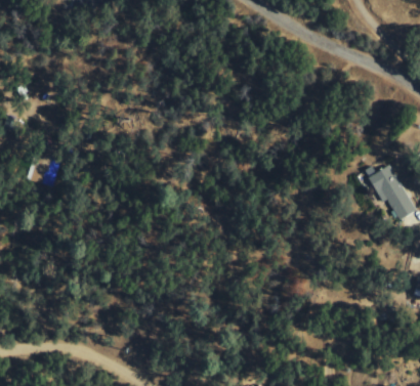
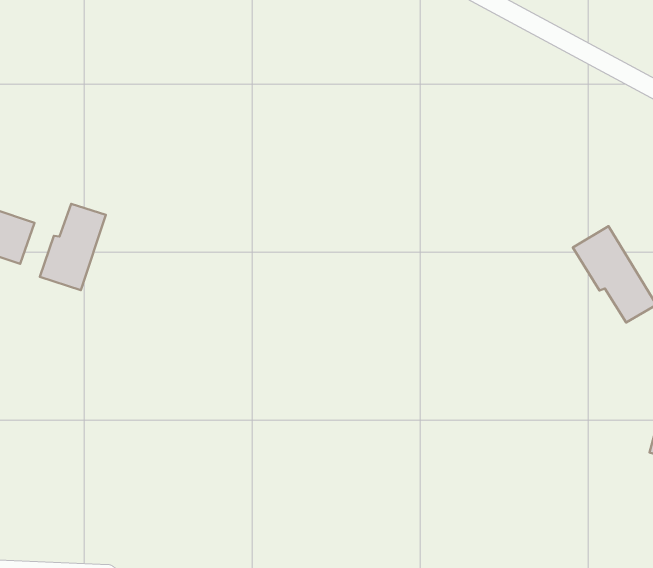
building: none -> [40,204,106,290]

